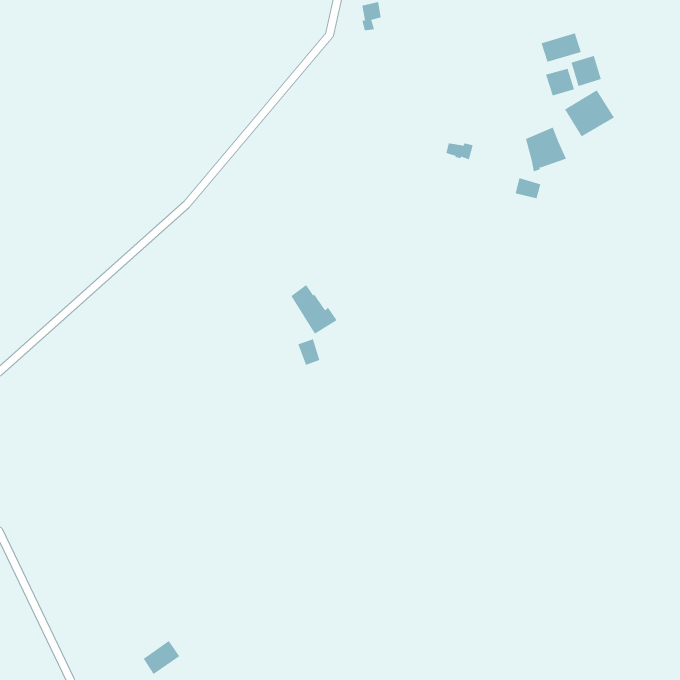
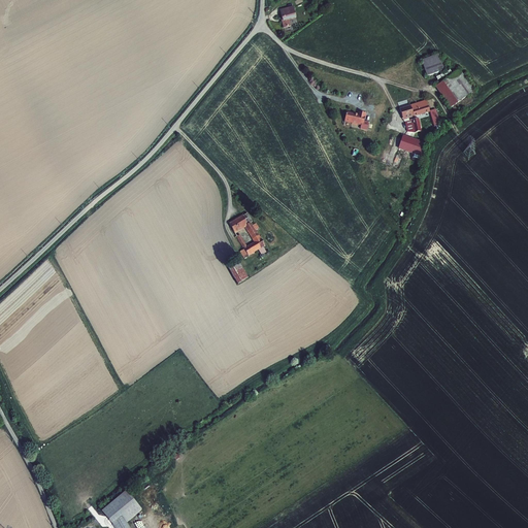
building: [541,33,581,62] -> none
building: [571,55,601,87] -> none

